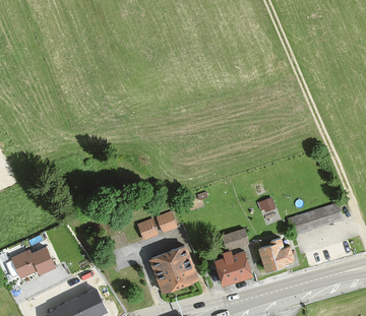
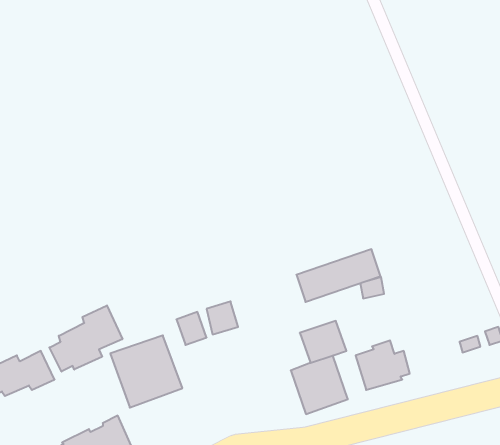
building: [288,202,345,238] -> [296,249,381,302]
building: none -> [49,305,122,372]
building: [150,247,199,296] -> [110,335,182,408]

